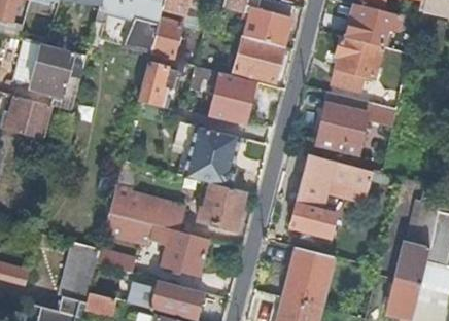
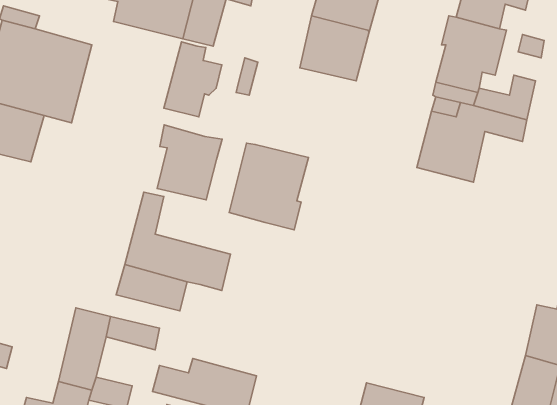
building: [209,71,255,124] -> [157,125,222,200]
building: [288,156,372,238] -> none
building: [195,183,244,230] -> none
building: [161,227,208,275] -> none
building: [281,247,335,308] -> none

